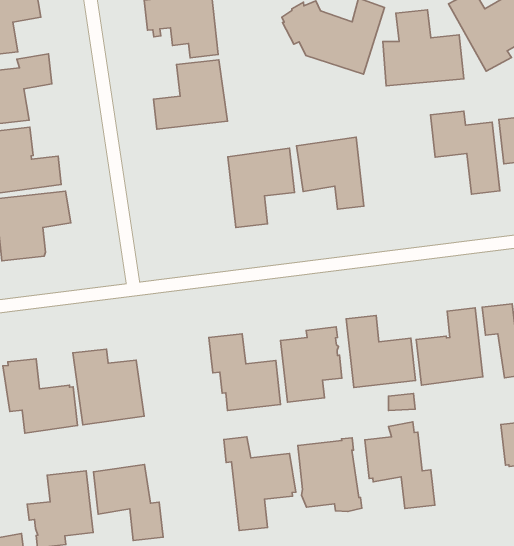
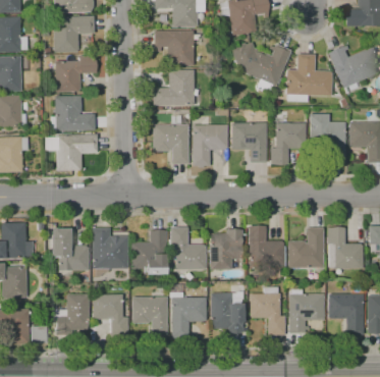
building: none -> [271,123,305,164]
building: none -> [153,124,188,164]
building: none -> [131,230,166,274]
building: none -> [290,290,326,335]
building: none -> [134,299,169,337]

